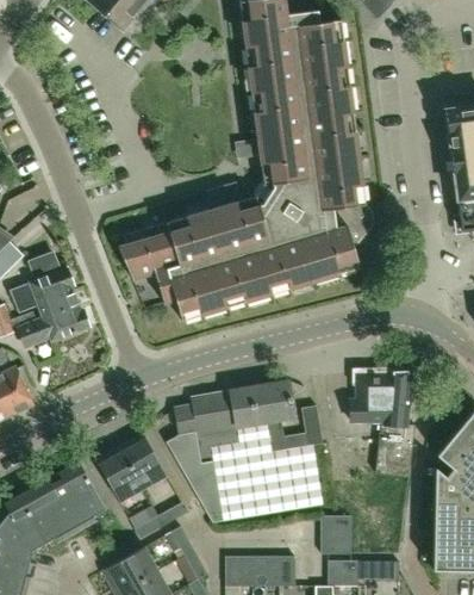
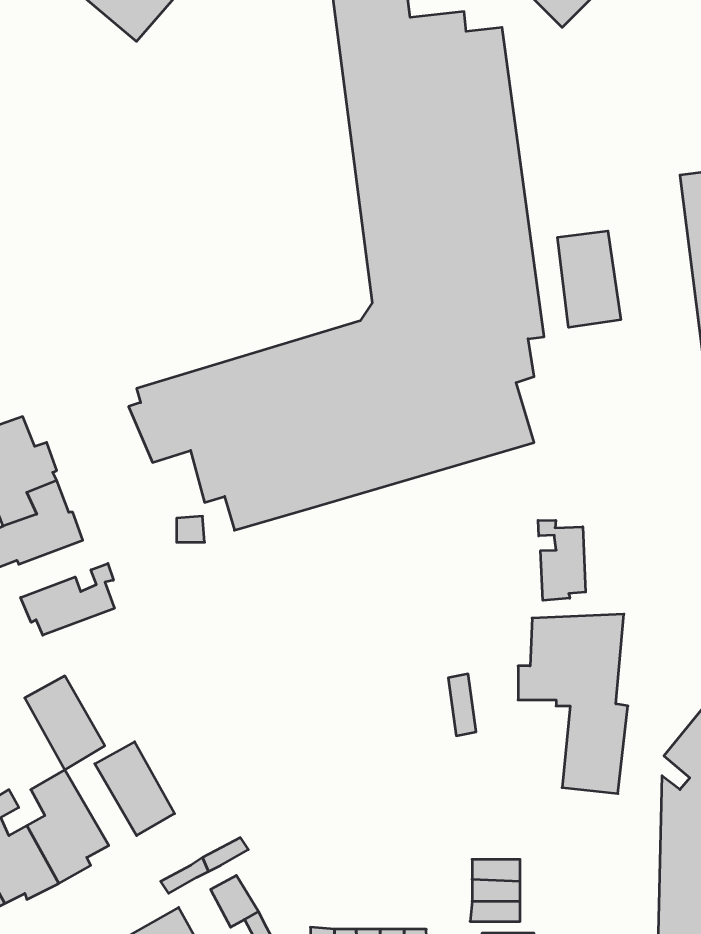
building: none -> [558,231,621,327]
building: none -> [538,520,586,600]
building: none -> [21,563,114,635]
building: [174,380,328,522] -> none
building: [120,433,168,489] -> [25,676,105,770]

